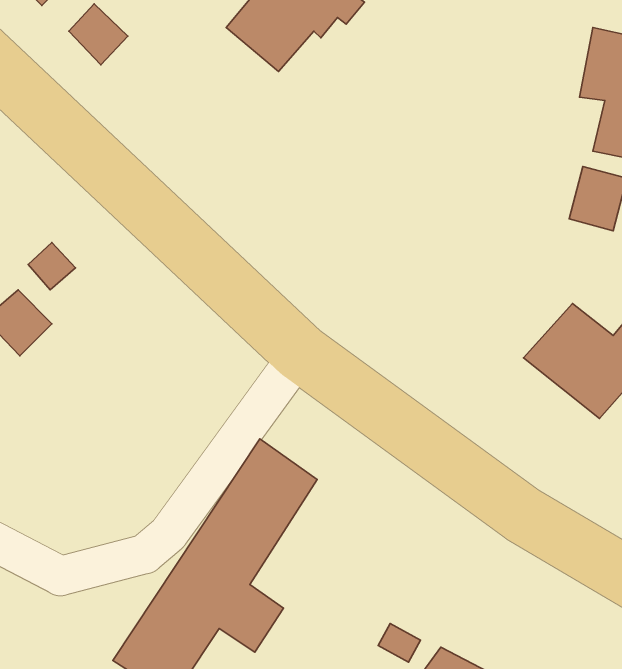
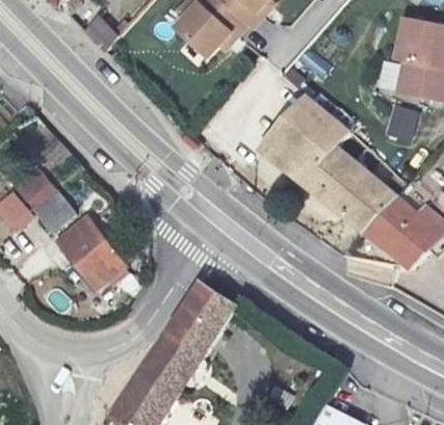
building: none -> [266,97,399,228]
building: none -> [52,211,123,281]

